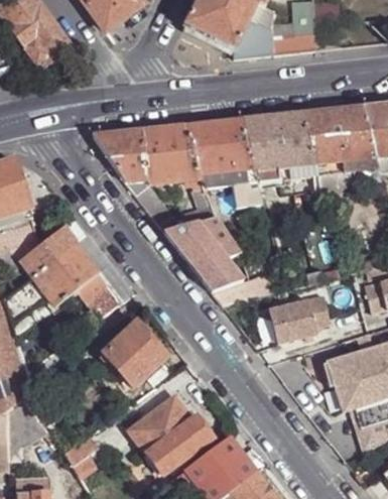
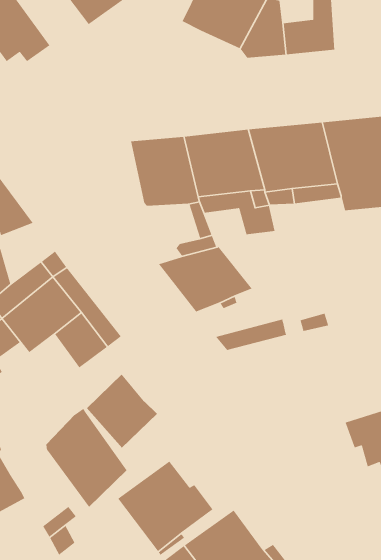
building: [91,126,170,223] -> none
building: [268,294,330,347] -> none
building: none -> [46,408,127,508]

